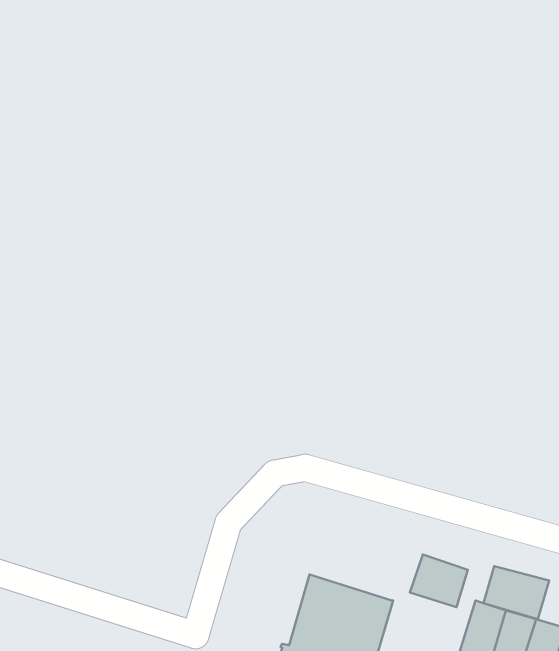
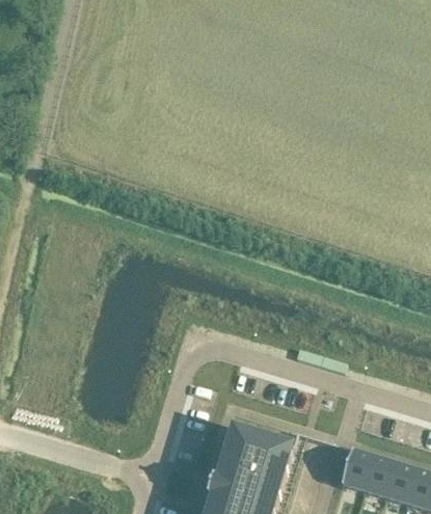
building: [410,555,468,607] -> none
building: [483,566,549,619] -> none

